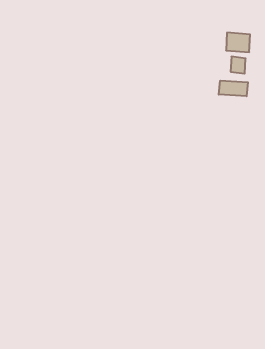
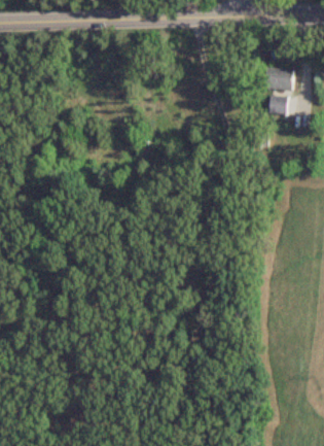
building: [219,81,248,96] -> none

